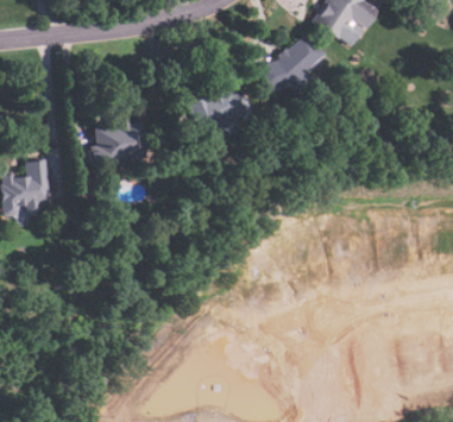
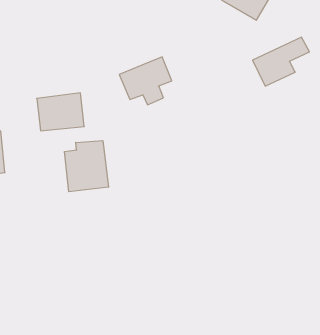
building: [256,39,322,94] -> [253,37,309,86]
building: none -> [65,141,108,192]

